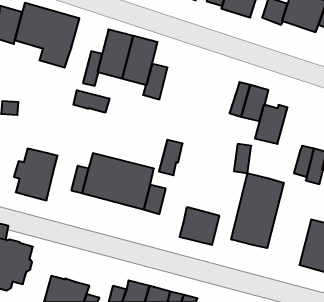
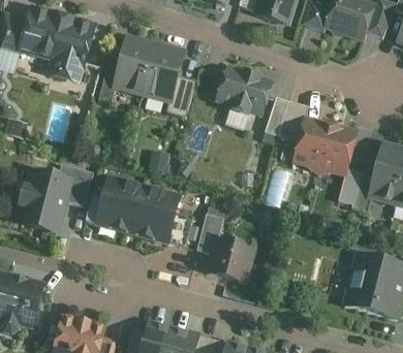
building: none -> [217,68,272,115]
building: [73,90,109,113] -> none
building: none -> [319,126,355,174]
building: [159,140,183,175] -> [196,214,223,254]
building: none -> [58,164,93,206]
building: [231,173,284,248] -> none

